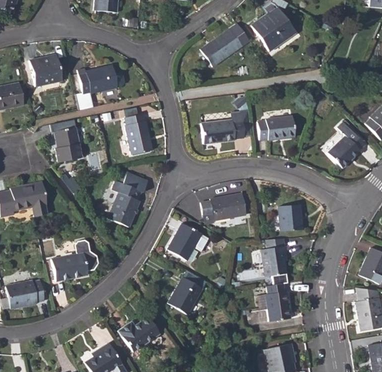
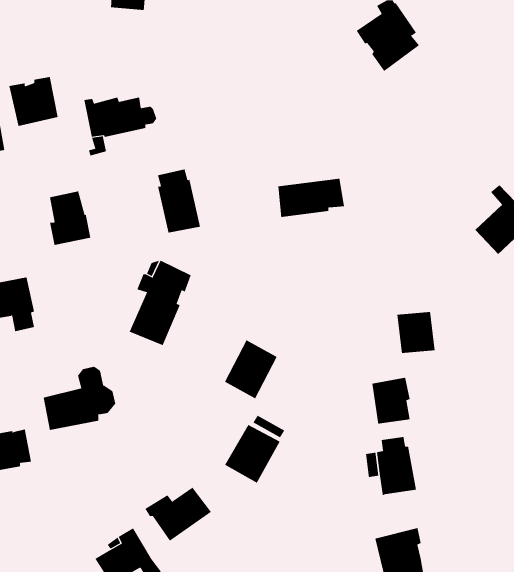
building: [201,22,252,67] -> none
building: [258,117,296,140] -> none
building: [203,193,247,221] -> none

